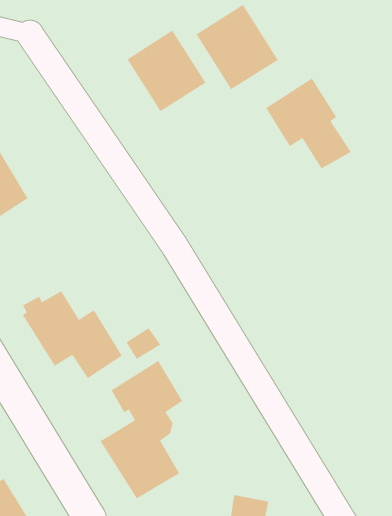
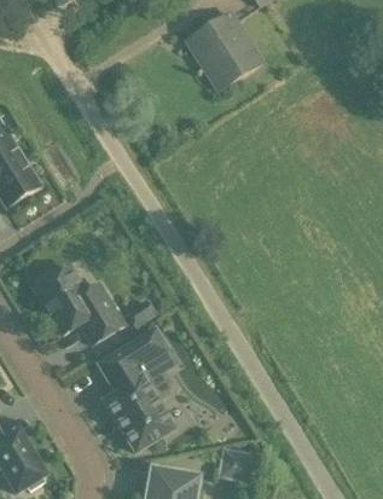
building: [127,29,206,112] -> none
building: [265,78,352,170] -> none

